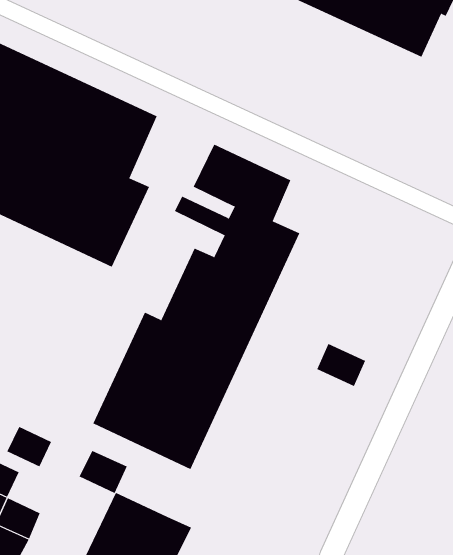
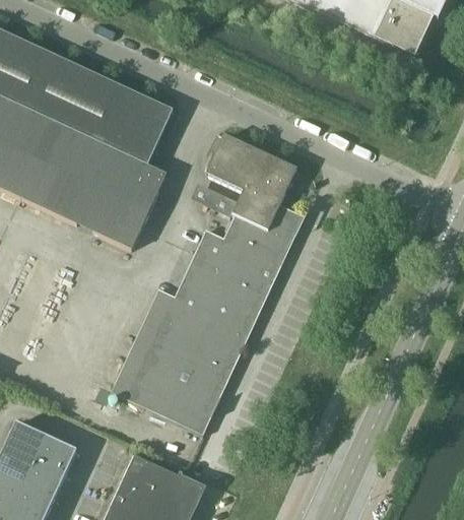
building: [316,343,366,387] -> none
building: [7,426,52,467] -> [35,436,76,473]
building: [79,450,128,494] -> none

